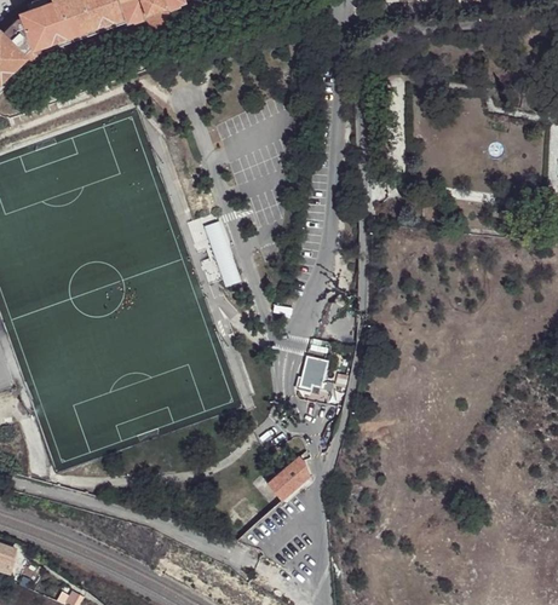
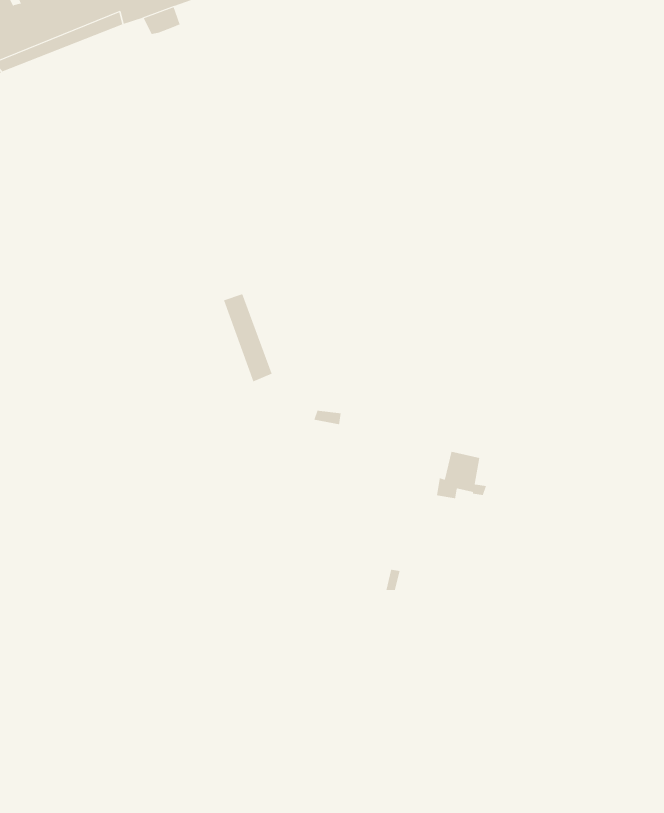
building: [297,357,334,392] -> [436,451,487,499]
building: [266,455,311,500] -> none

